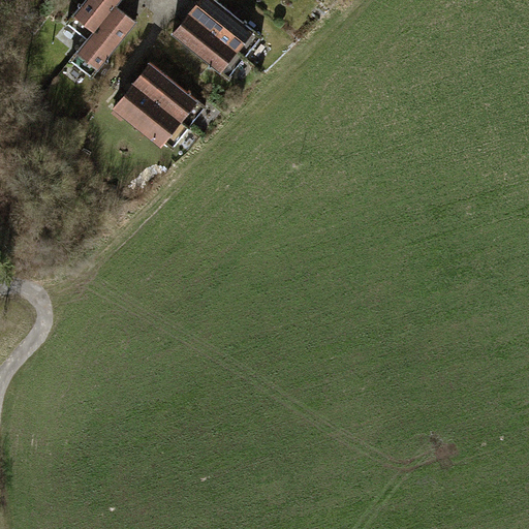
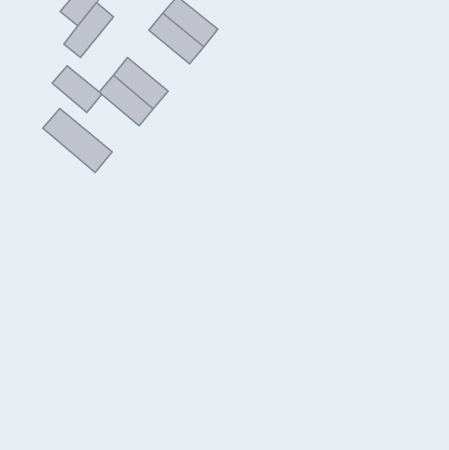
building: none -> [52,66,102,112]
building: none -> [43,109,112,172]

